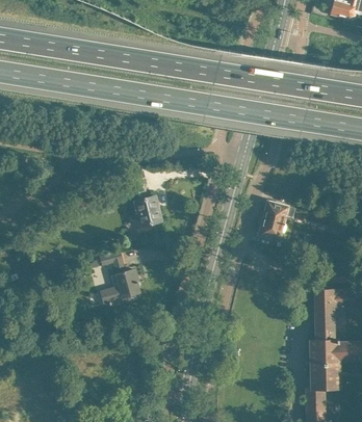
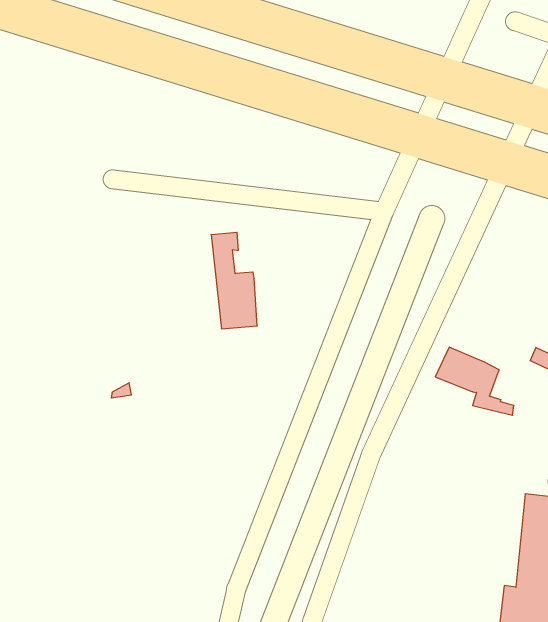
building: [264,203,295,225] -> none
building: [101,254,140,306] -> none

